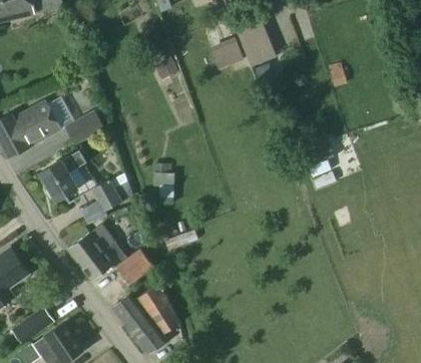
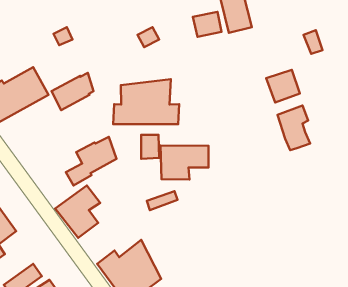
building: none -> [266,70,300,102]
building: none -> [113,79,179,124]
building: [39,150,86,202] -> none
building: none -> [161,146,208,179]
building: [116,247,154,284] -> none

